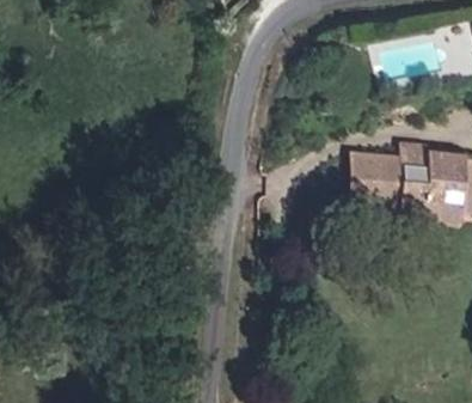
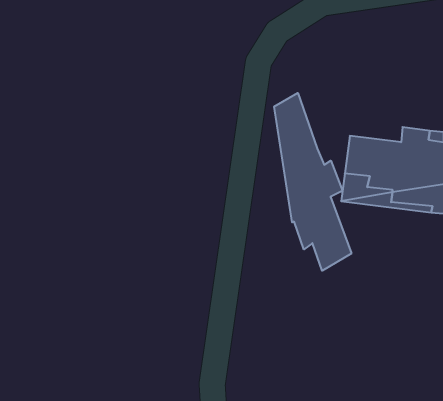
building: none -> [274,93,351,271]

